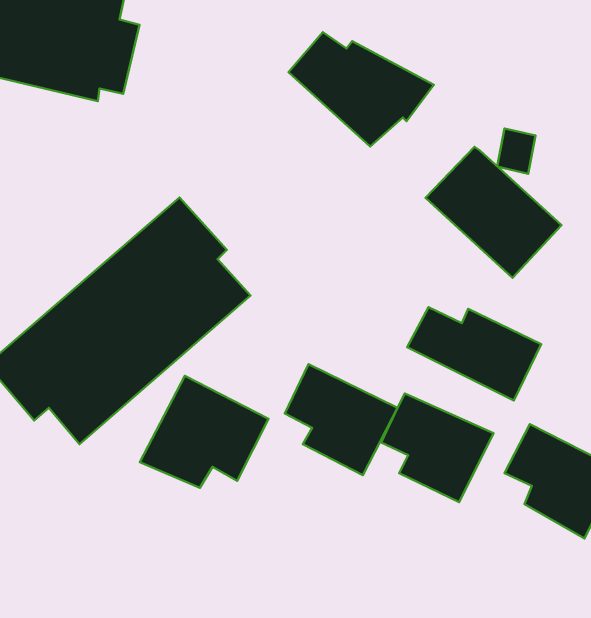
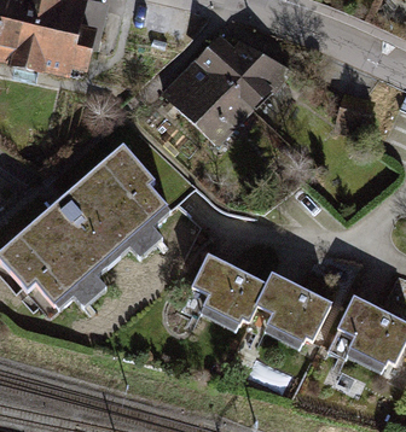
building: [425,147,562,278] -> [158,59,249,146]
building: [407,307,541,401] -> none
building: [140,376,269,488] -> none

